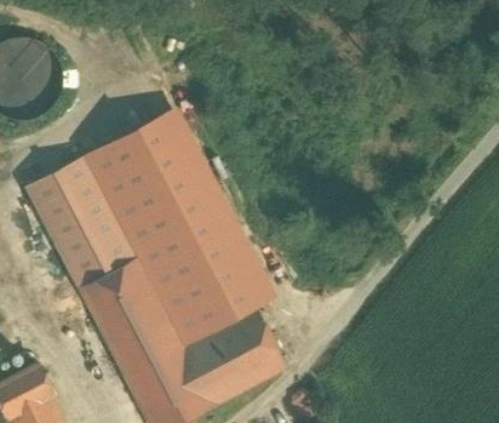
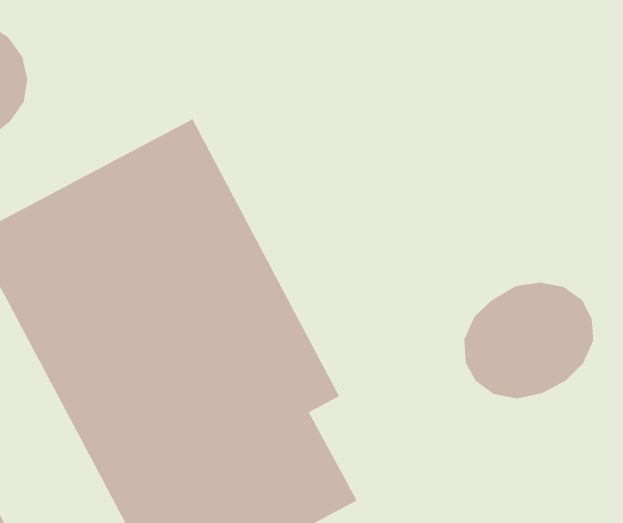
building: none -> [464,282,594,399]

